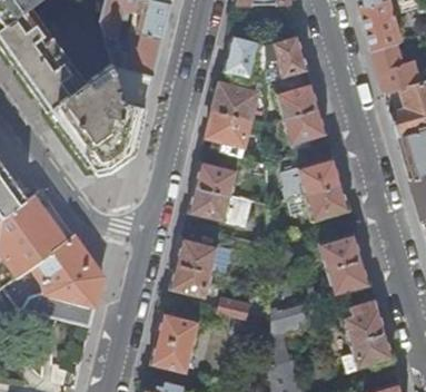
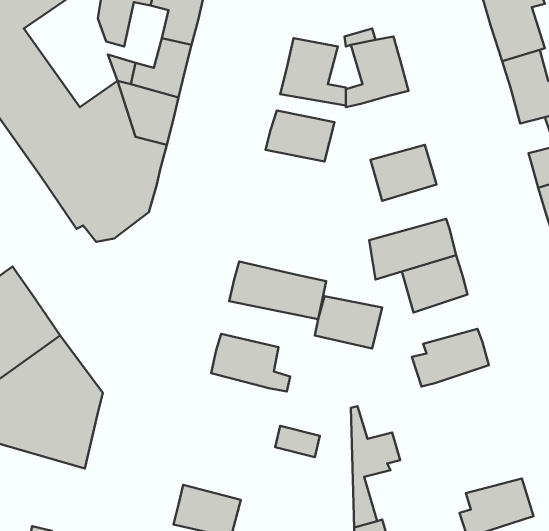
building: [275,75,319,118] -> none
building: [206,111,251,145] -> none
building: [194,160,239,196] -> [315,296,382,349]
building: [326,257,370,296] -> none
building: [168,263,214,298] -> none
building: [339,307,385,344] -> none
building: [156,312,201,349] -> none

